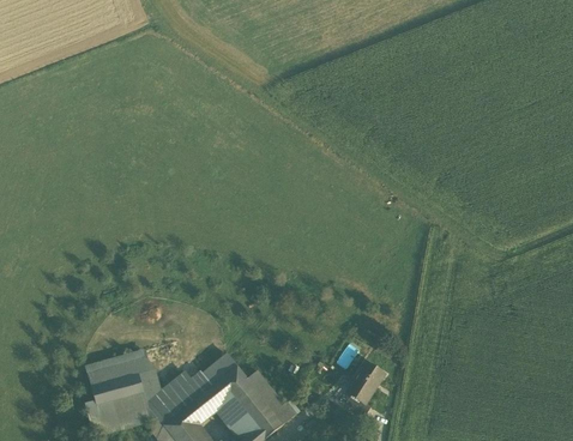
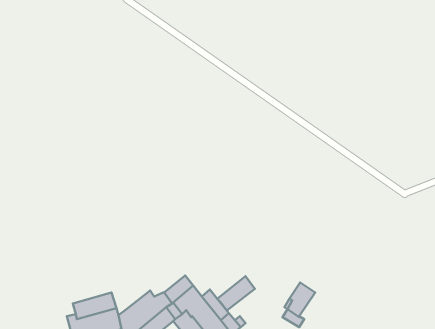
building: [85,346,157,399] -> none
building: none -> [217,276,255,311]

